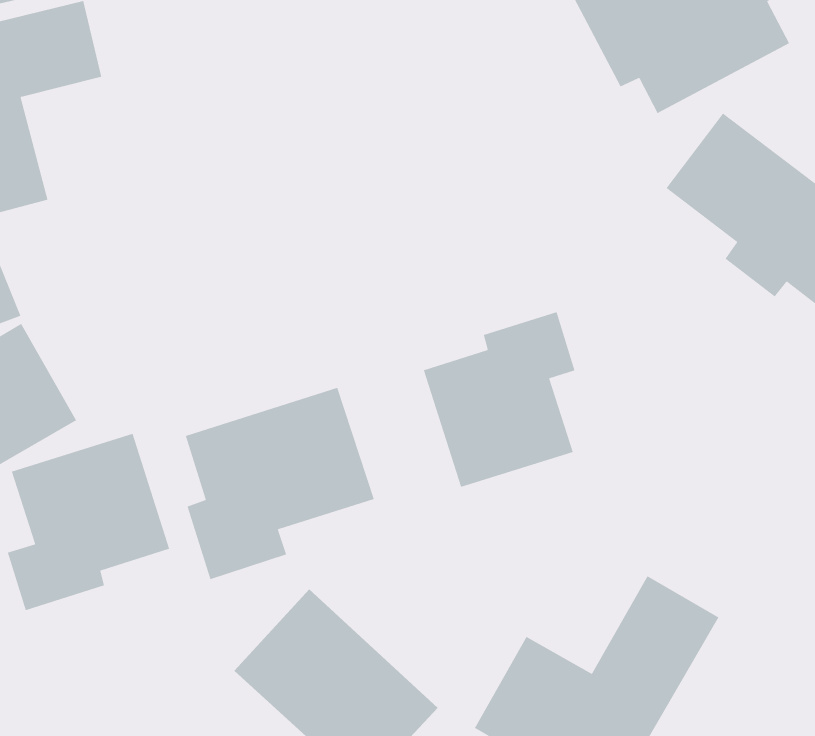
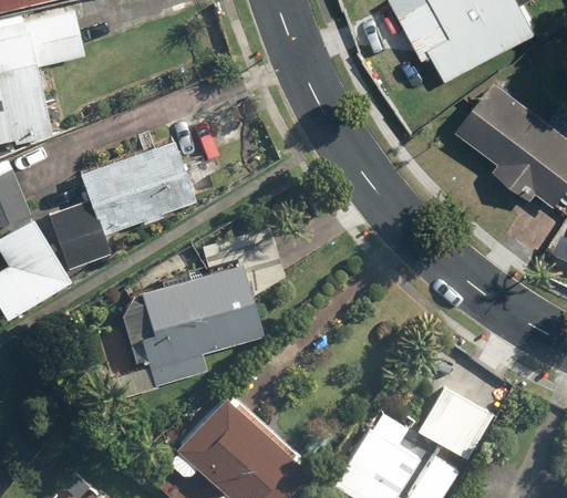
building: none -> [48,139,196,270]
building: [423,311,576,488] -> none
building: [7,433,170,611] -> none

